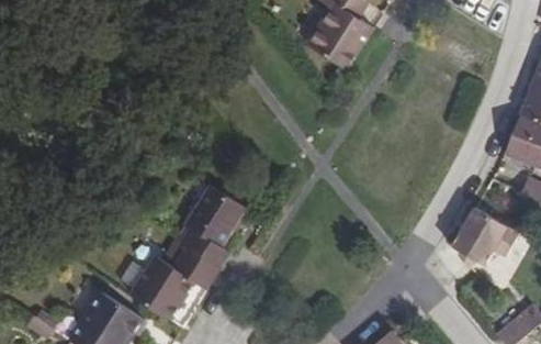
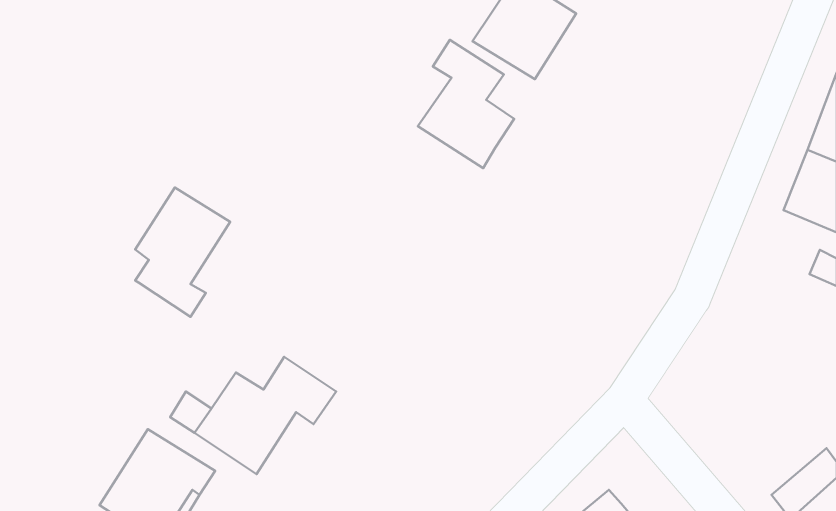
building: none -> [418,40,514,168]
building: [184,185,245,267] -> [135,187,230,317]
building: [451,207,518,265] -> none

